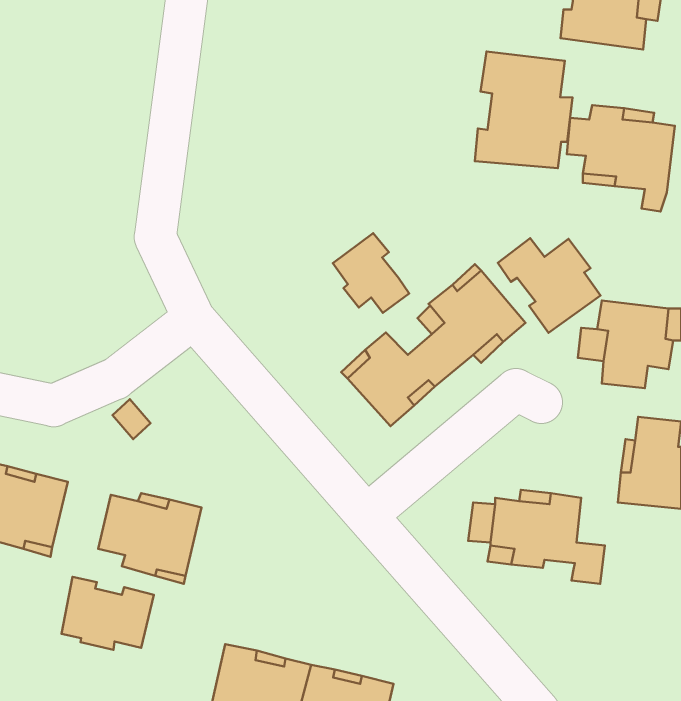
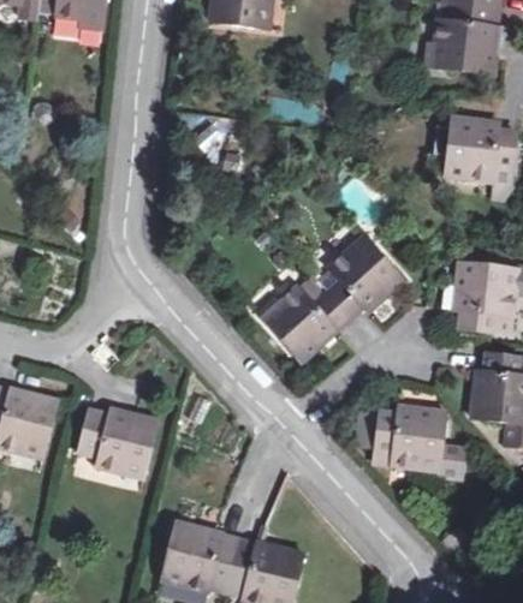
building: [475,51,572,168] -> none
building: [333,233,409,313] -> none
building: [498,238,600,333] -> none
building: [62,577,154,650] -> none

